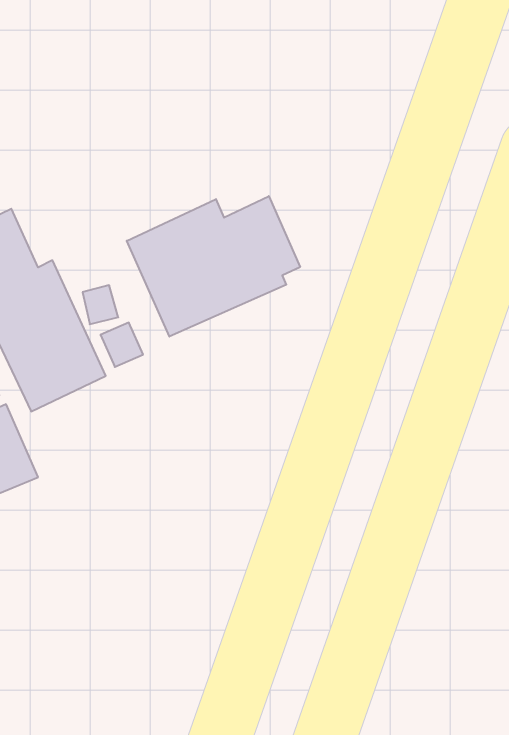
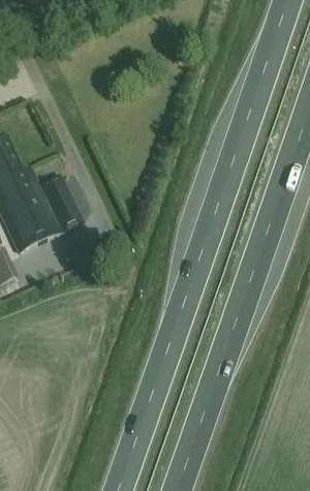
building: [127,196,300,337] -> none

